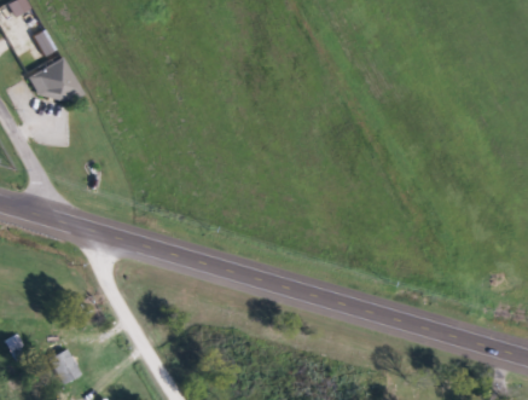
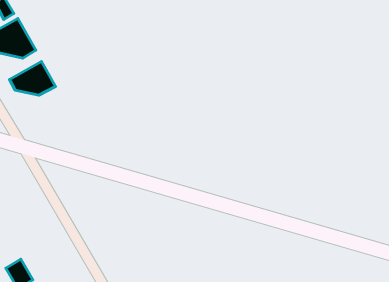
building: none -> [10,61,56,95]

